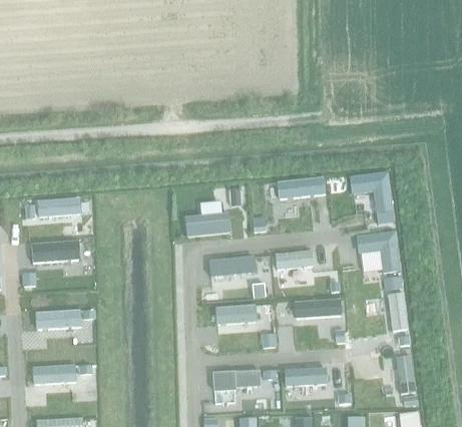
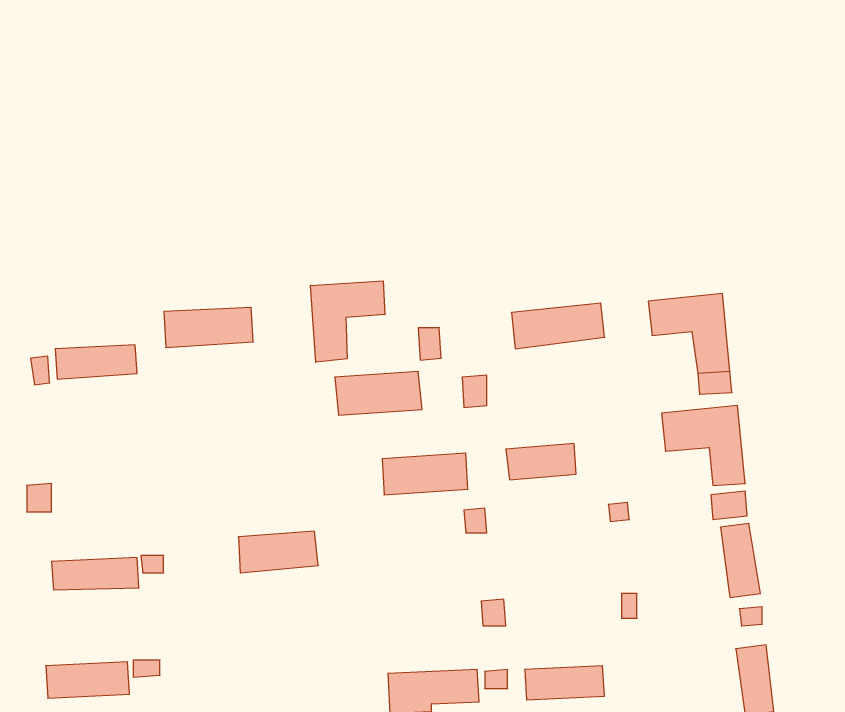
building: none -> [310,281,385,362]
building: [32,241,79,262] -> [164,308,253,347]
building: [295,298,342,317] -> none
building: [215,303,258,325] -> [238,531,318,573]

